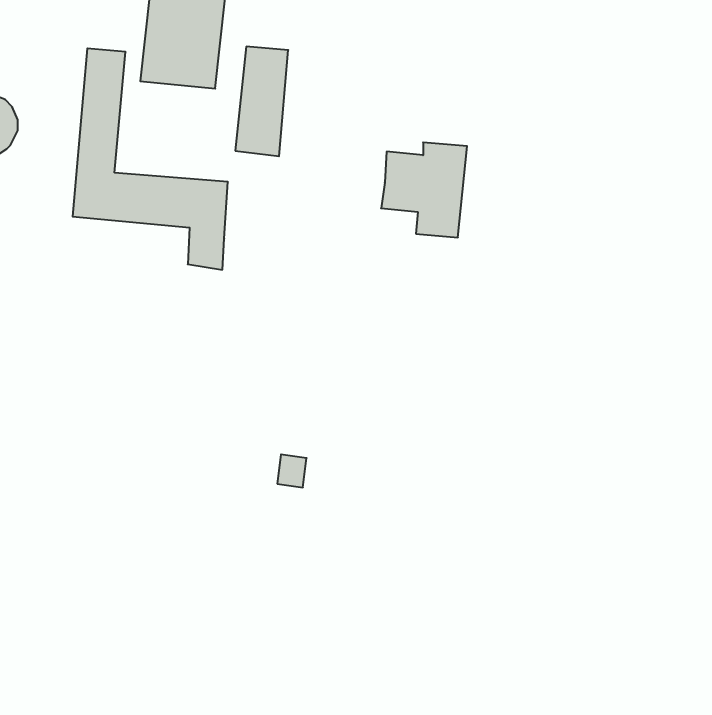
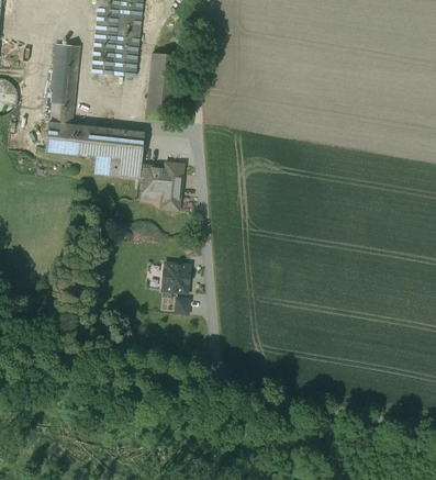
building: [381,142,467,237] -> [137,159,189,216]
building: none -> [159,258,191,293]

